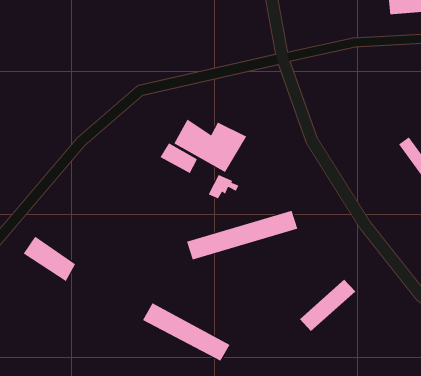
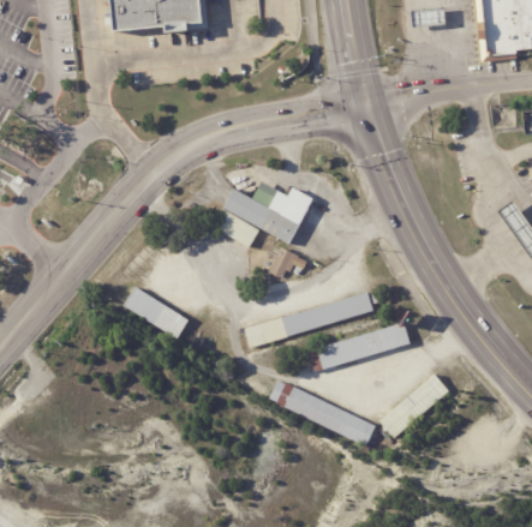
building: [23,236,76,282] -> [122,285,187,341]
building: none -> [319,322,414,369]
building: [142,303,231,361] -> [269,376,377,448]

